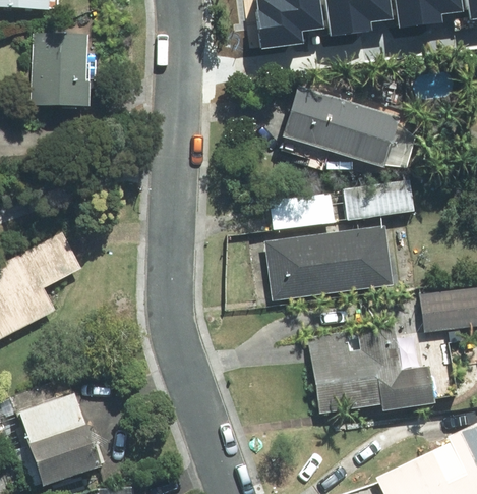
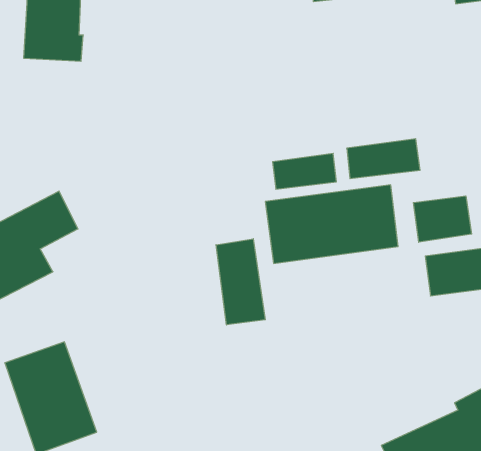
building: [279,84,397,166] -> none
building: none -> [413,196,472,242]
building: none -> [216,239,265,325]
building: [308,321,434,414] -> none

